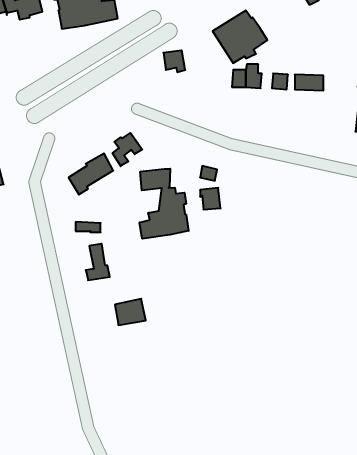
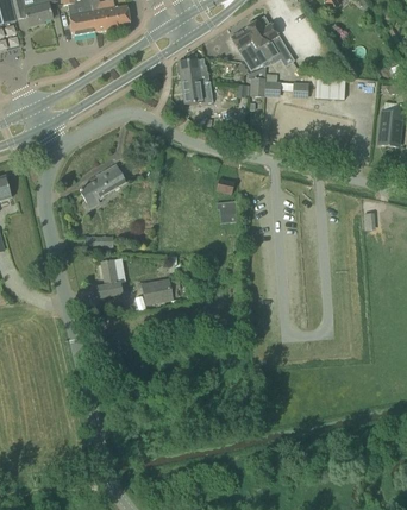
building: none -> [181,75,213,102]
building: [113,133,142,166] -> none
building: [140,169,189,239] -> none
building: [115,299,146,325] -> [142,277,174,304]

